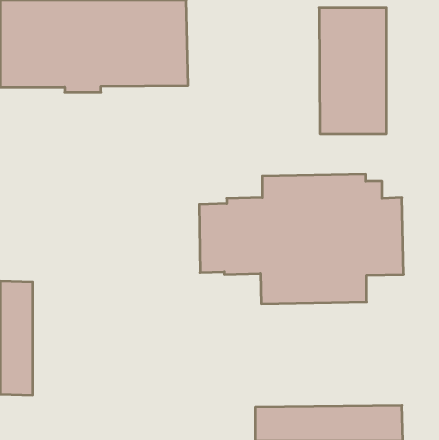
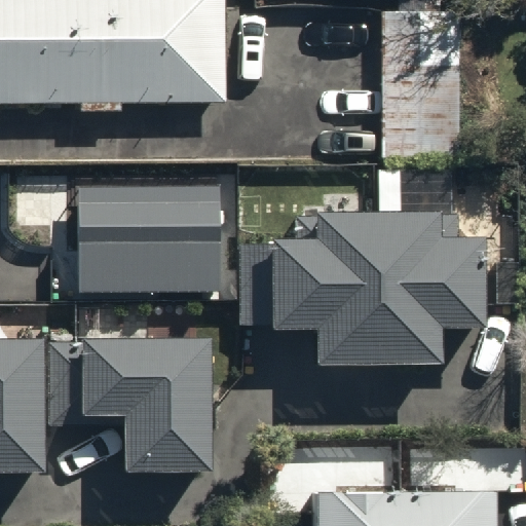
building: none -> [81,188,219,293]
building: none -> [46,337,210,471]

